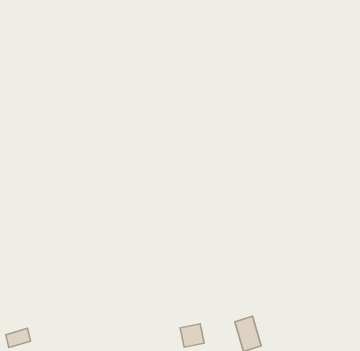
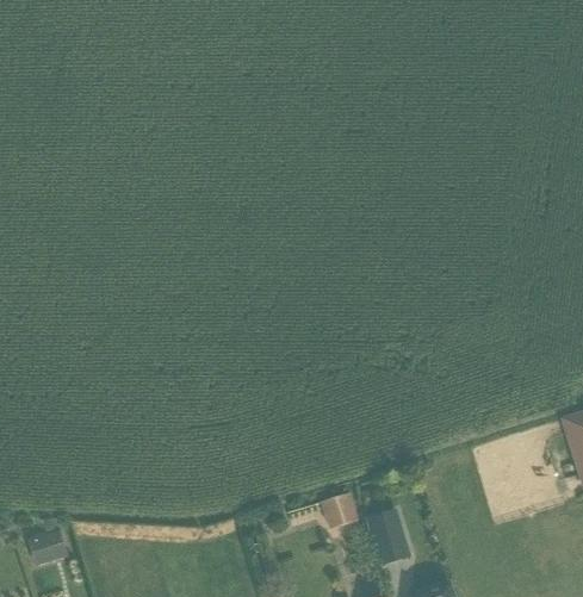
building: [180,324,204,347] -> [322,492,358,527]

